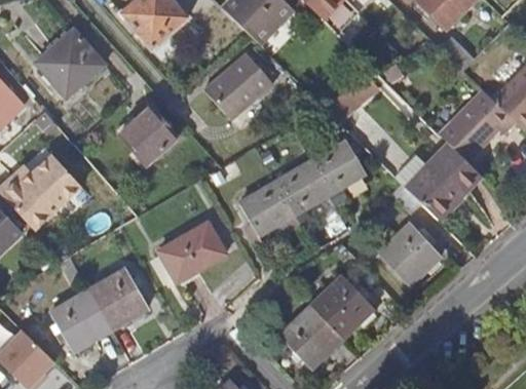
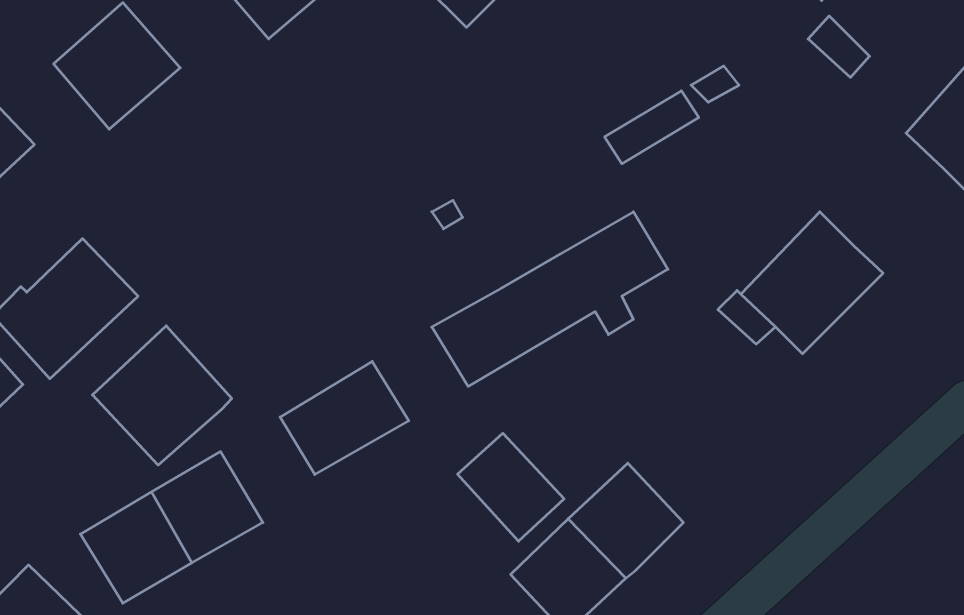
building: [203,52,273,116] -> none
building: [438,86,514,160] -> none
building: [119,107,178,164] -> none
building: none -> [92,326,232,465]
building: [380,224,442,285] -> none
building: none -> [458,433,564,541]

